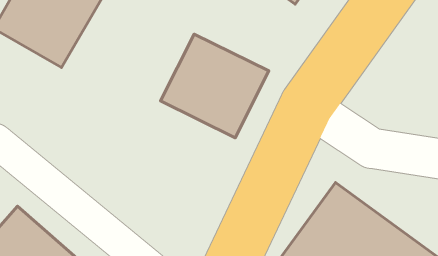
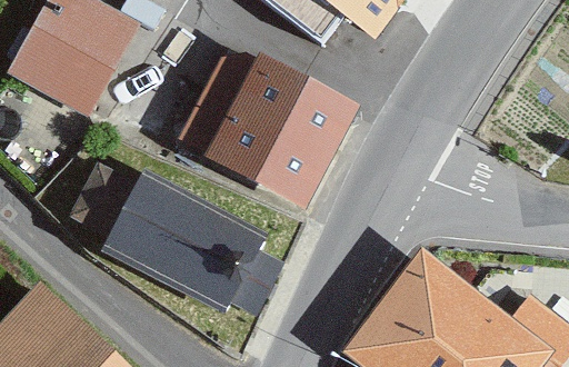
building: none -> [77,153,267,311]

